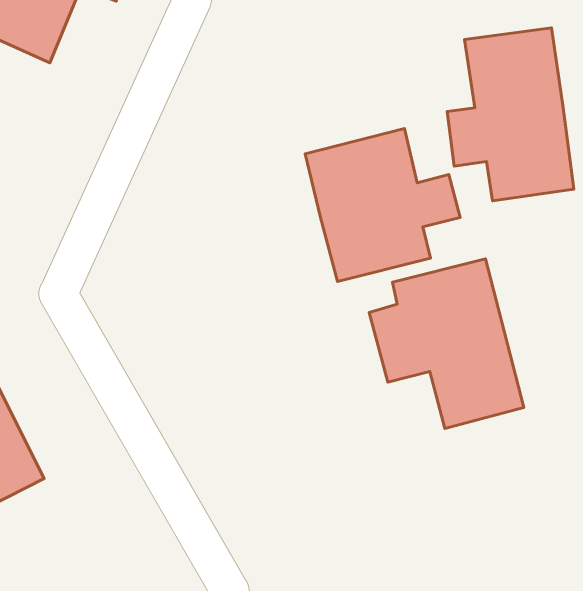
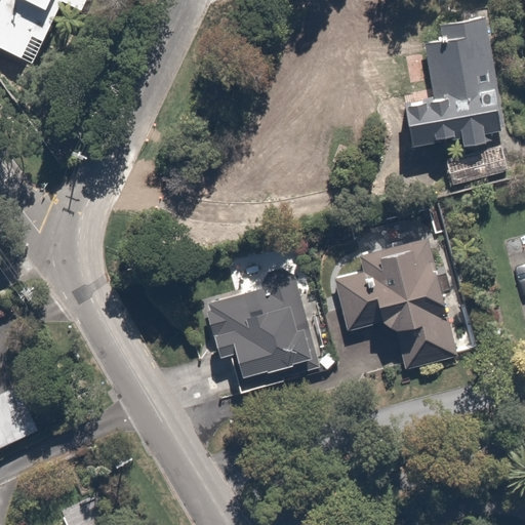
building: [305,128,460,282] -> none
building: none -> [205,258,320,391]

